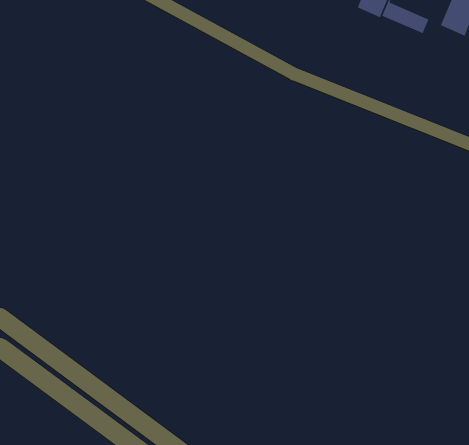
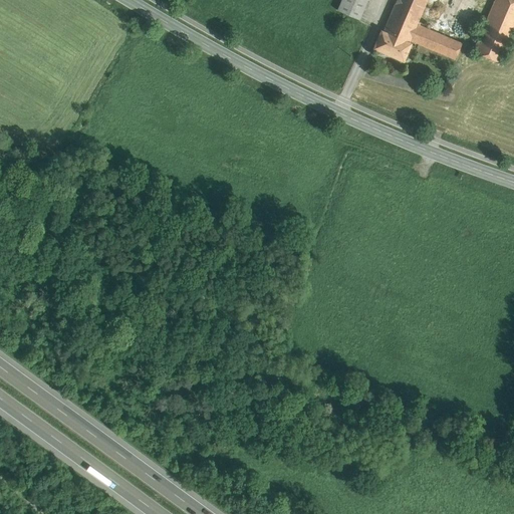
building: none -> [374,30,412,60]

